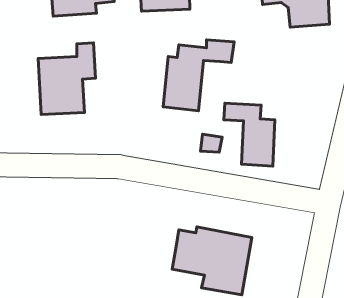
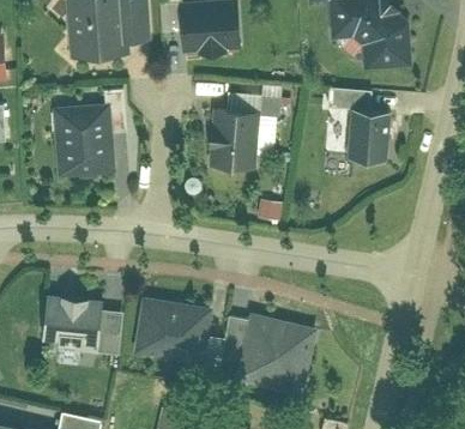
building: [224,103,275,166] -> [326,90,388,167]
building: none -> [41,295,122,358]
building: none -> [134,301,223,367]

